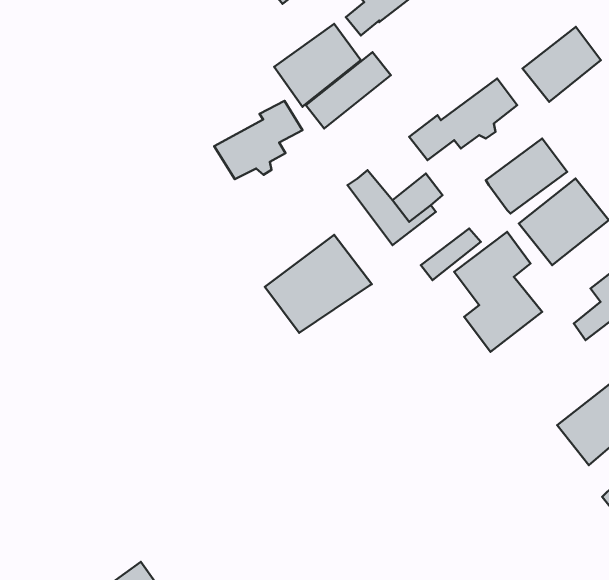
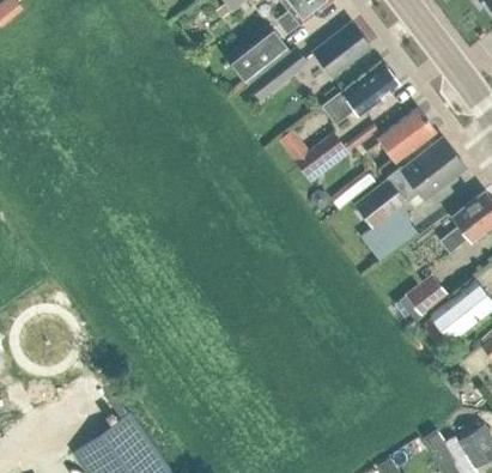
building: [523,27,601,102] -> [314,22,370,75]
building: [214,101,302,179] -> none
building: [265,235,372,333] -> none
building: none -> [406,275,448,315]

